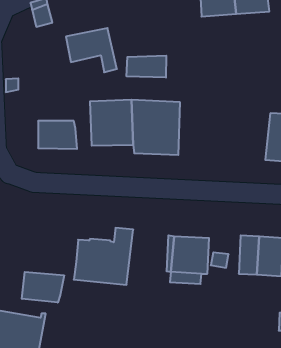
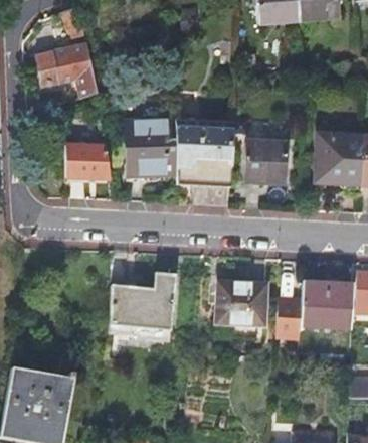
building: [66,28,117,72] -> [37,45,98,98]
building: [127,56,166,78] -> none
building: none -> [316,134,340,191]
building: none -> [243,139,287,182]
building: [22,272,64,303] -> none

